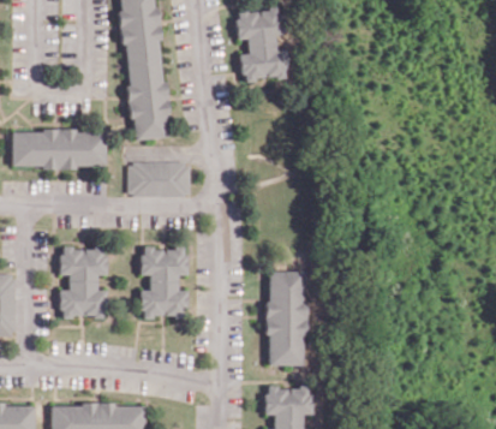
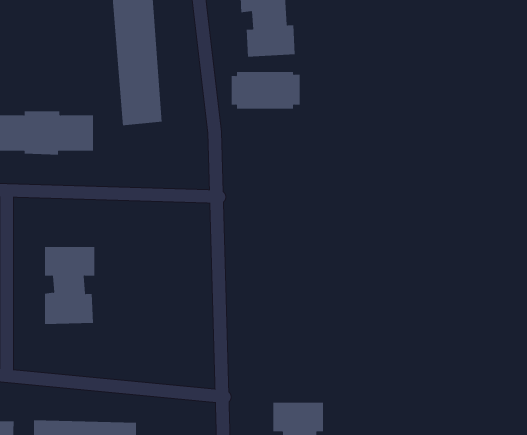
building: [129,161,191,195] -> [231,72,301,109]
building: [142,244,189,316] -> none
building: [268,272,303,365] -> none

